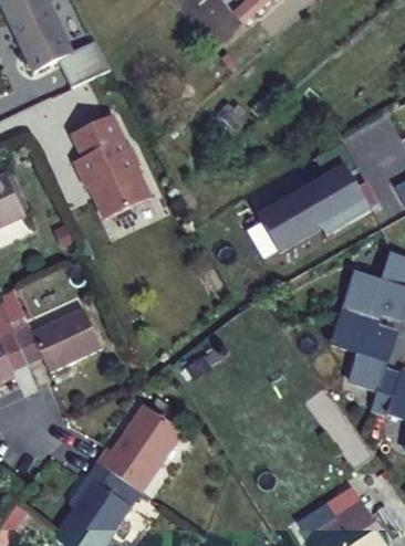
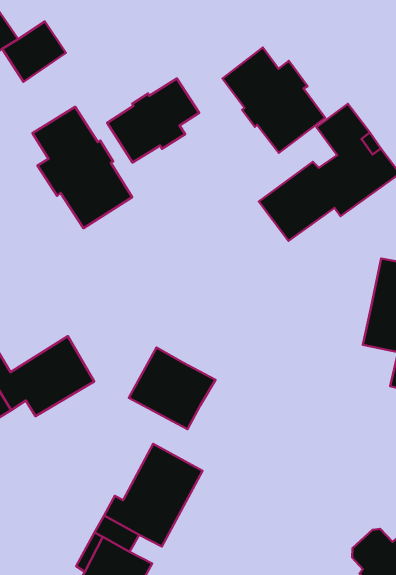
building: none -> [223,48,325,153]
building: none -> [107,79,199,163]
building: none -> [129,347,216,429]

